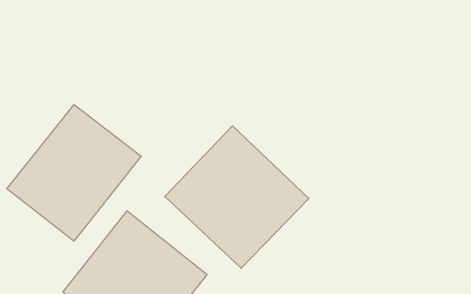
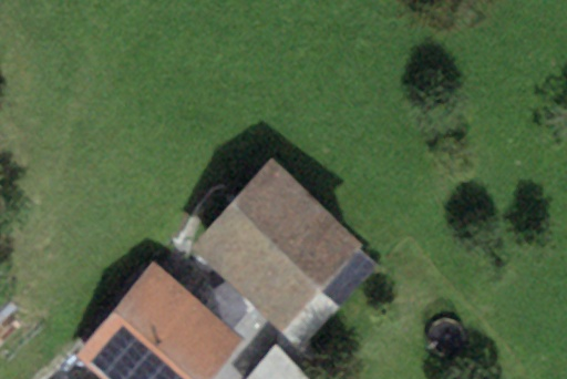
building: [7,105,141,241] -> none

